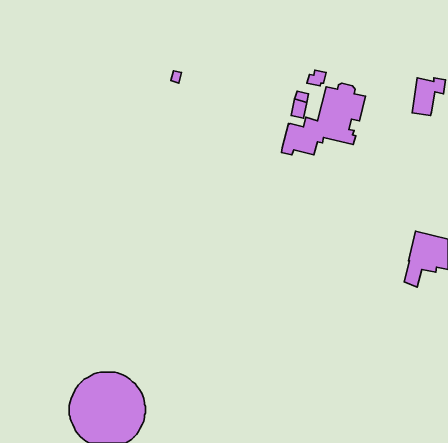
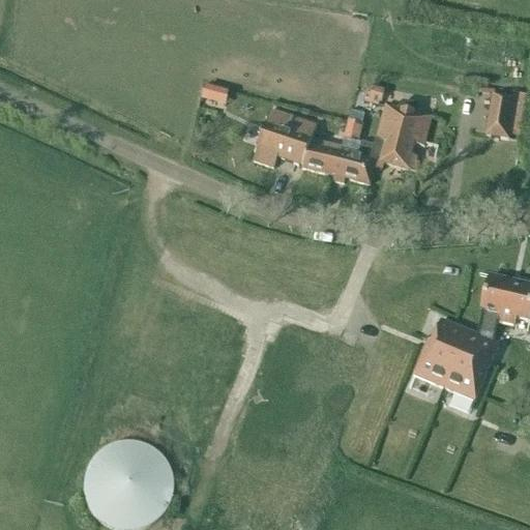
building: none -> [253,108,341,175]
building: none -> [414,318,499,399]

